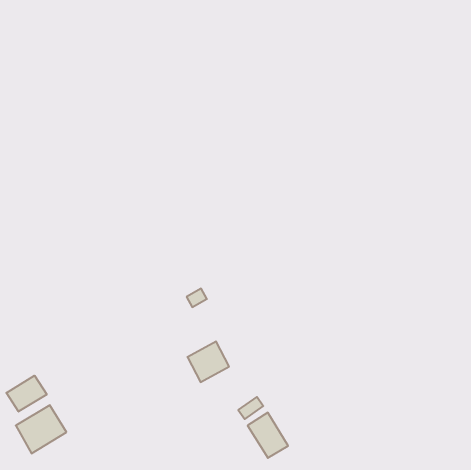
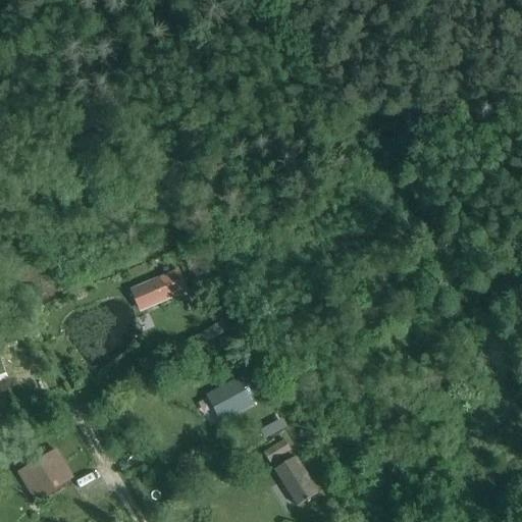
building: none -> [130,269,185,310]
building: [6,376,47,412] -> none

